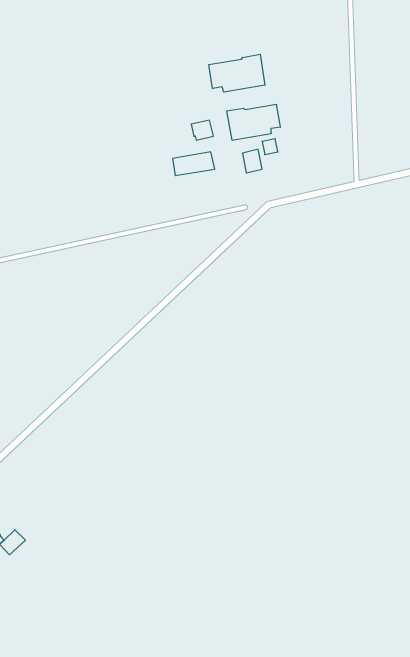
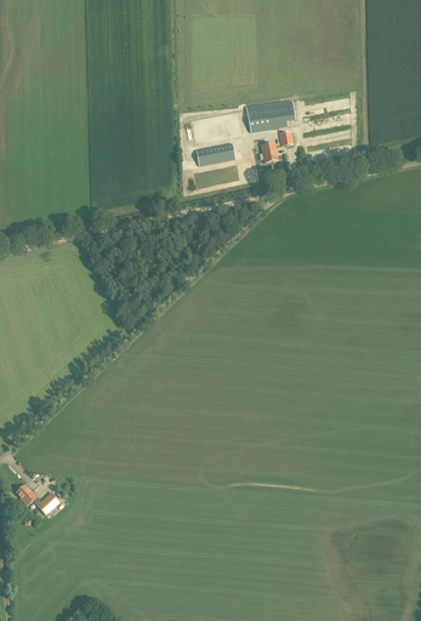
building: [209,54,265,92] -> none

